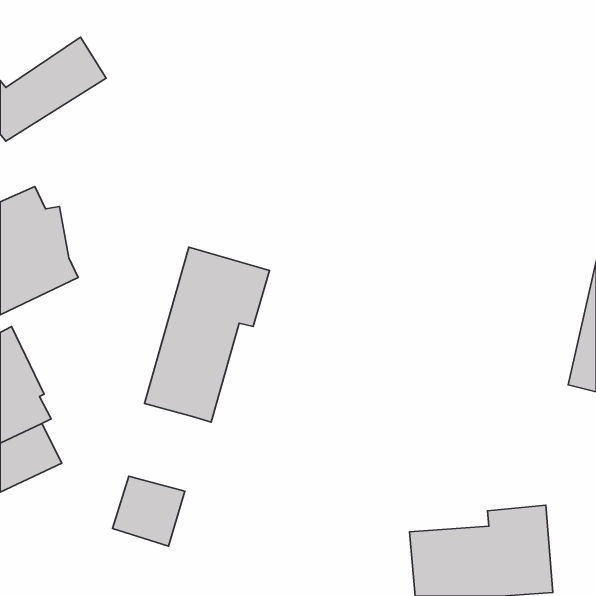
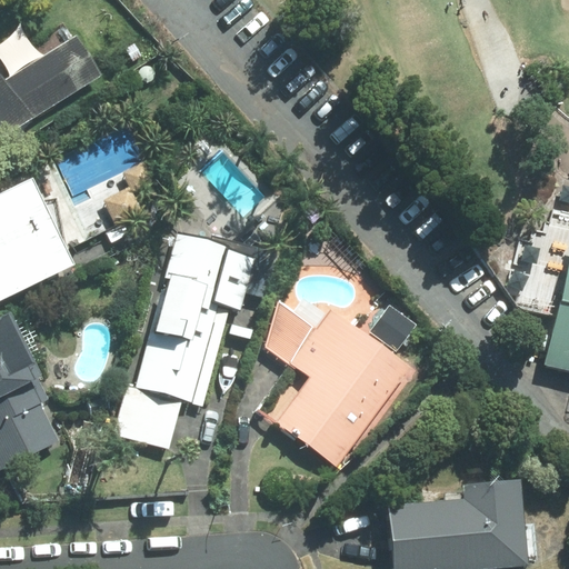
building: none -> [259,300,417,467]
building: [113,476,185,546] -> [114,382,183,449]

